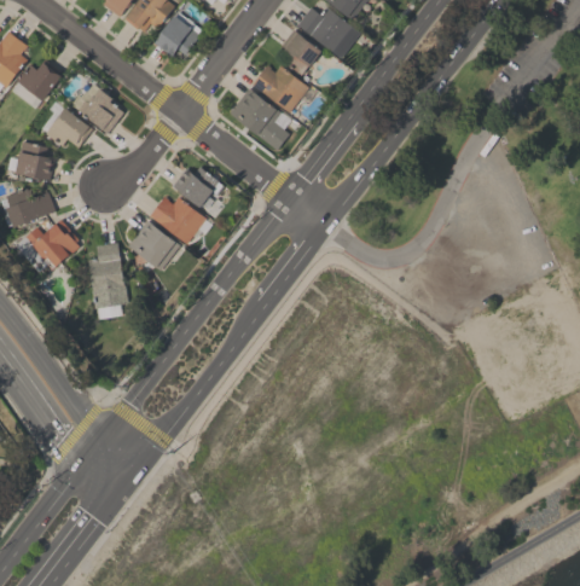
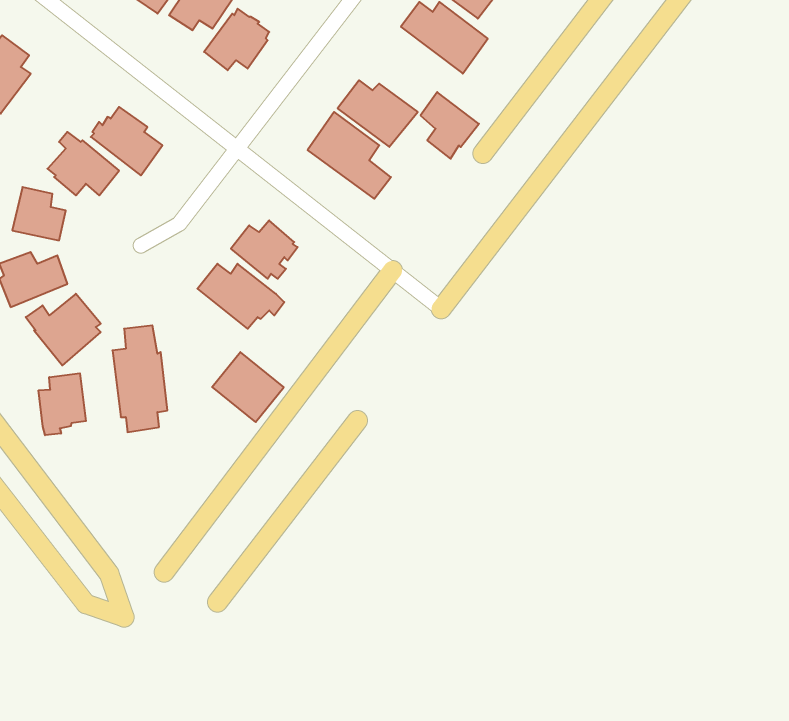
building: [279,28,321,76] -> [421,92,479,159]
building: [11,62,62,109] -> none
building: [127,220,179,271] -> [212,352,284,422]
building: none -> [39,373,86,435]

